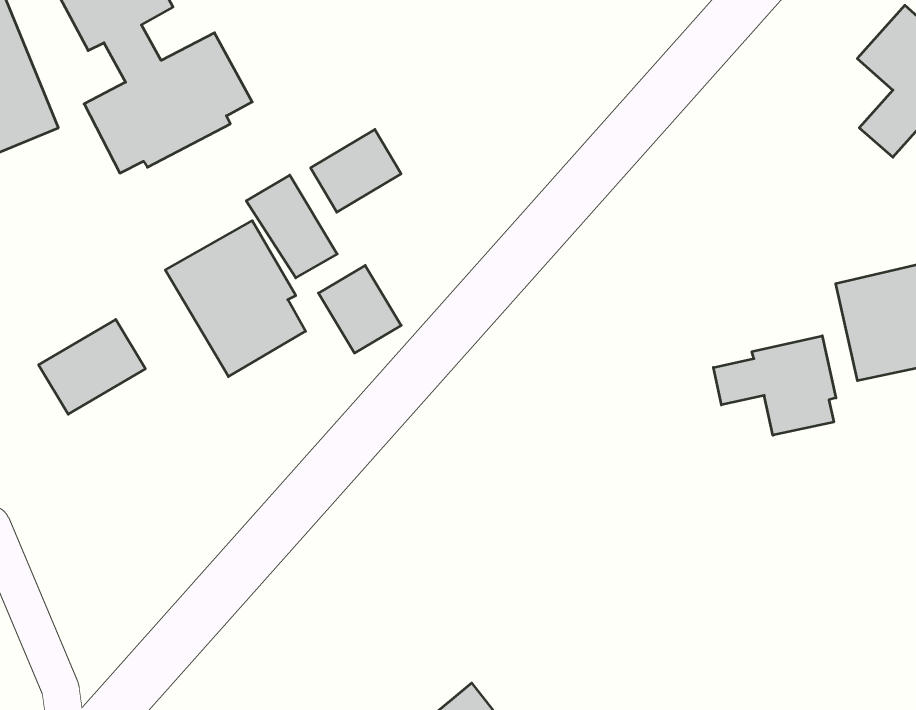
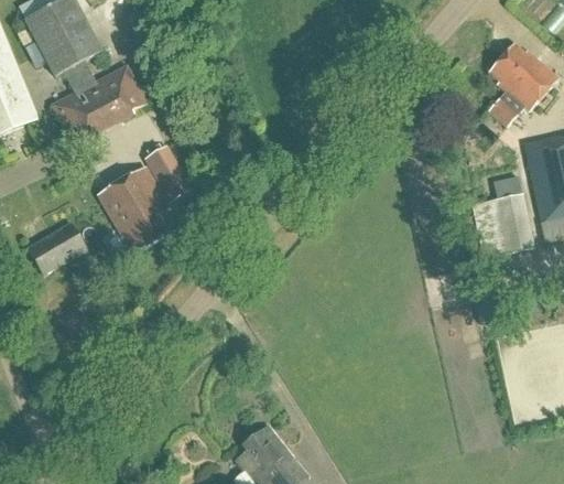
building: [311,129,401,212] -> none
building: [318,265,401,353] -> none
building: [713,336,836,435] -> none

